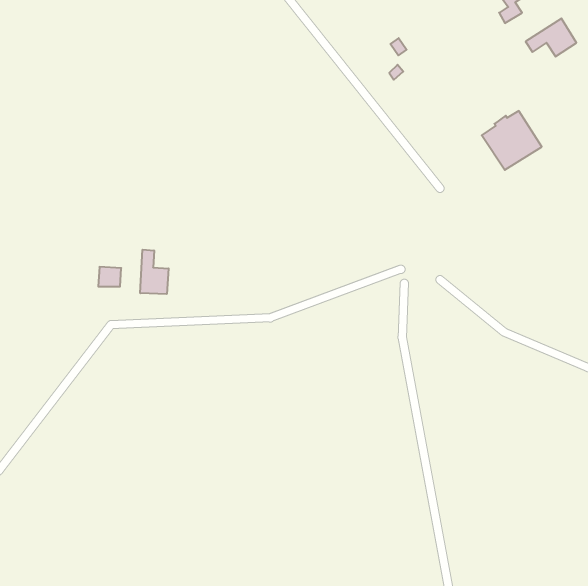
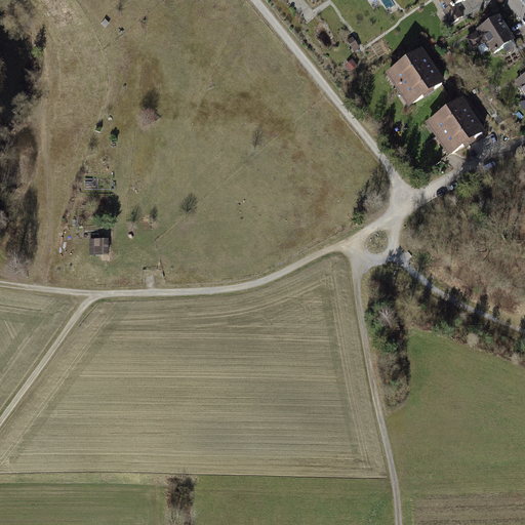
building: none -> [390,48,441,102]
building: [140,250,169,294] -> none

